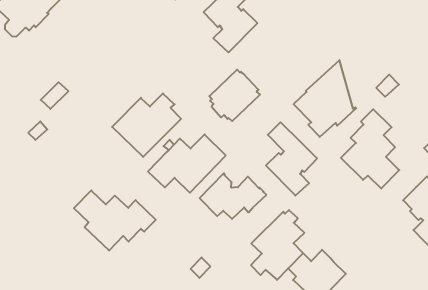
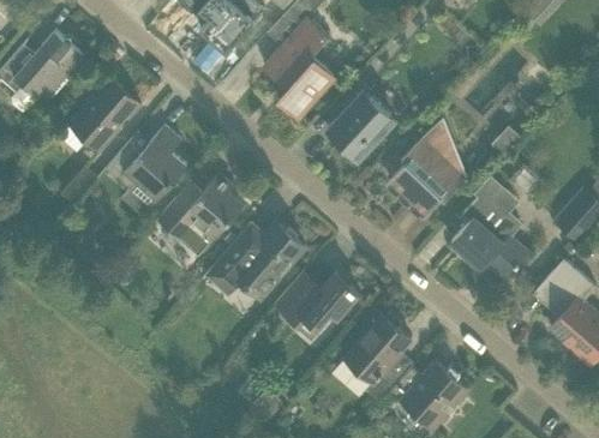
building: none -> [59,77,140,150]
building: none -> [107,125,186,199]
building: [209,70,260,121] -> [329,91,394,157]
building: [266,122,317,196] -> none
building: [74,190,156,251] -> none

